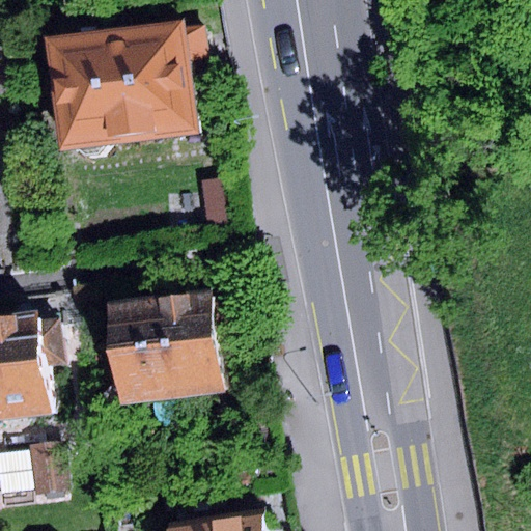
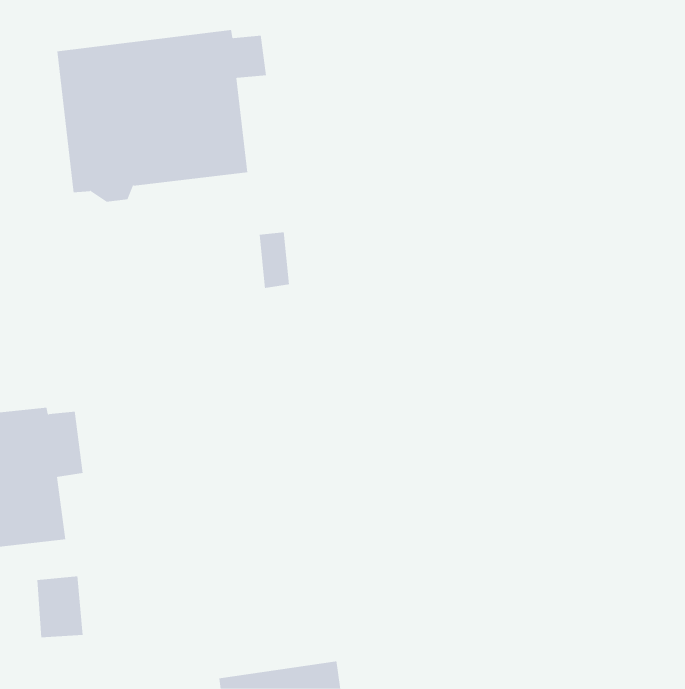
building: [108,290,221,402] -> none

